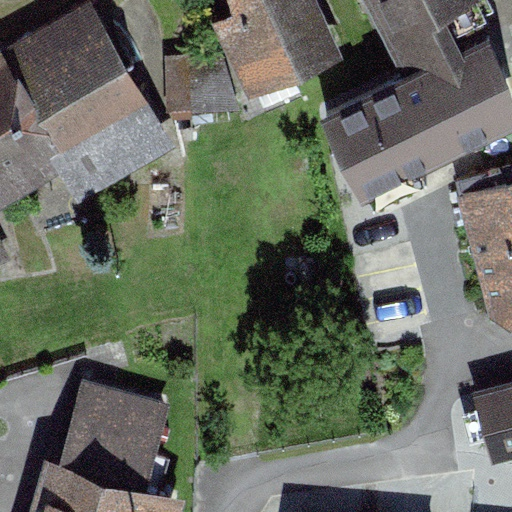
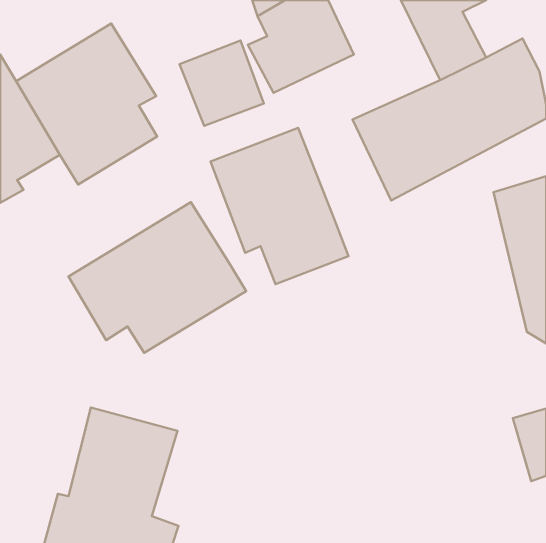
building: none -> [211,128,349,284]
building: none -> [68,202,246,353]

